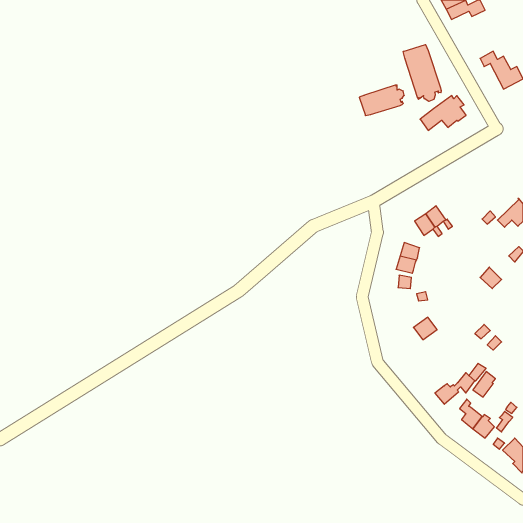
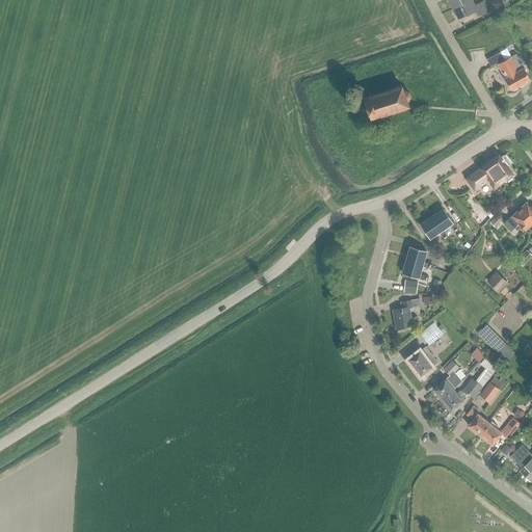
building: [403,45,441,101] -> none
building: [420,96,466,130] -> [467,155,513,190]
building: none -> [393,298,422,329]
building: none -> [408,347,438,376]
building: none -> [433,361,462,399]

